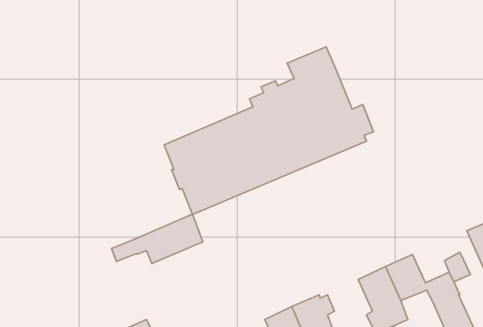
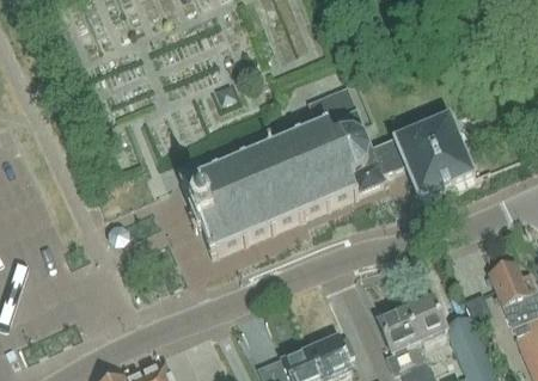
building: none -> [381,115,473,198]
building: [111,214,203,263] -> none

